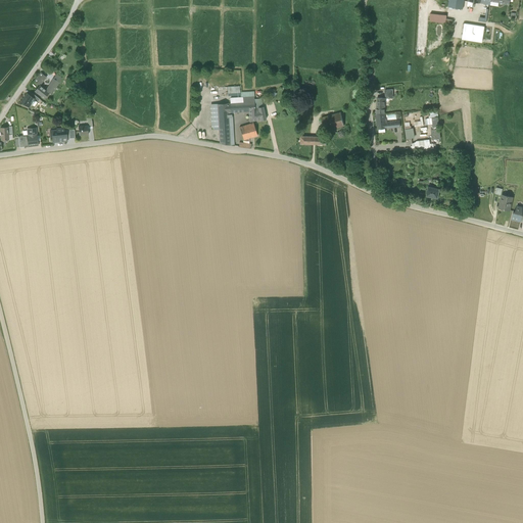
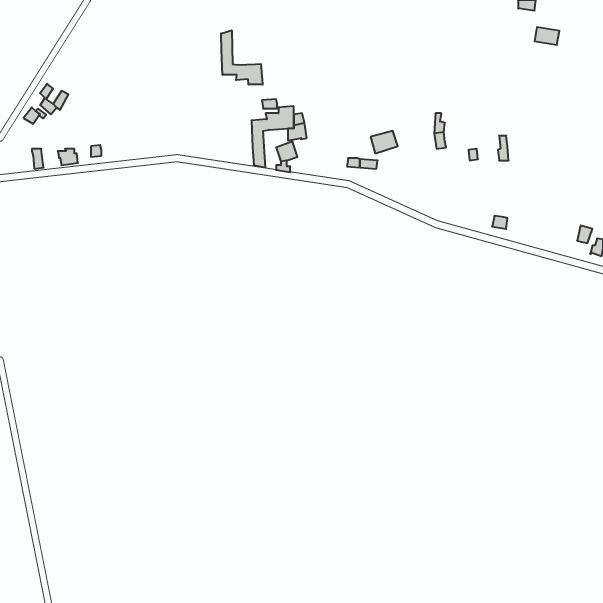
building: none -> [221,30,263,85]

